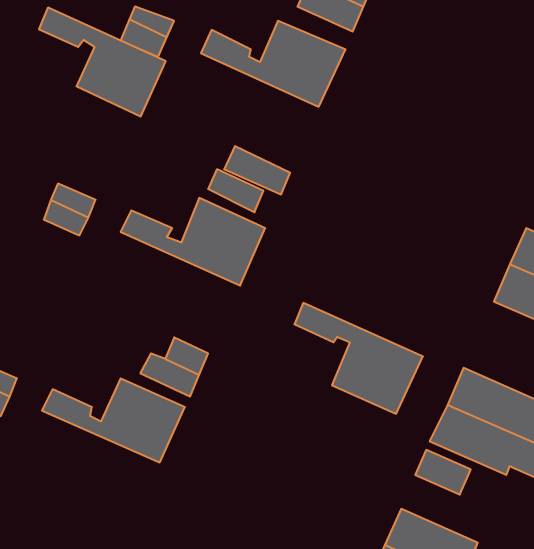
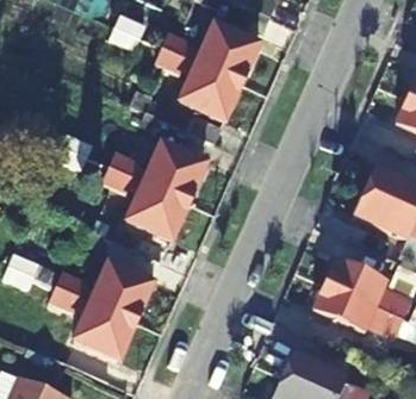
building: [39,8,166,117] -> [155,48,240,120]
building: [294,303,423,414] -> [101,167,187,241]
building: none -> [49,286,134,359]

